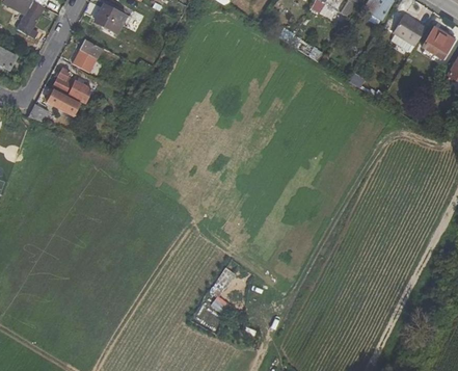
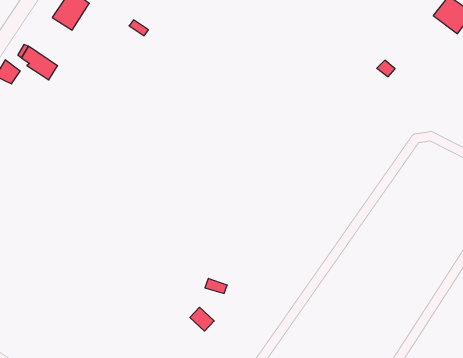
building: [52,67,87,100] -> none

